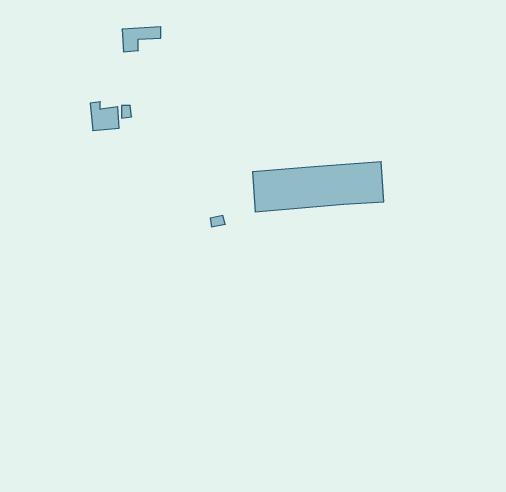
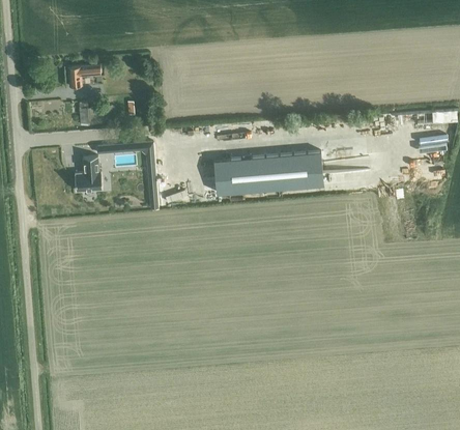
building: [122,27,161,52] -> [68,67,100,88]
building: none -> [75,157,103,193]

